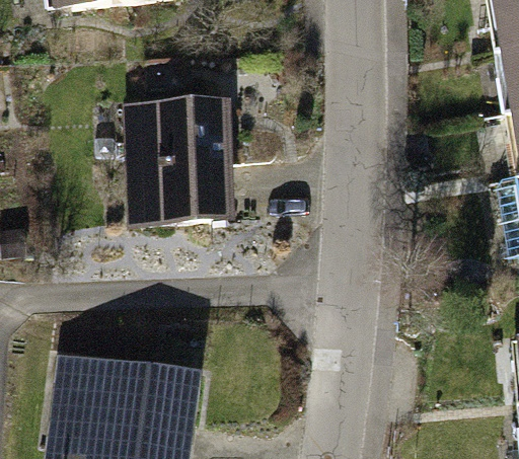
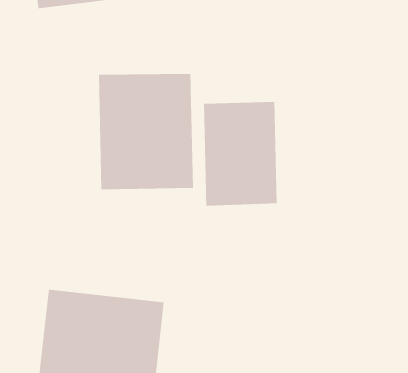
building: none -> [204,101,277,207]

